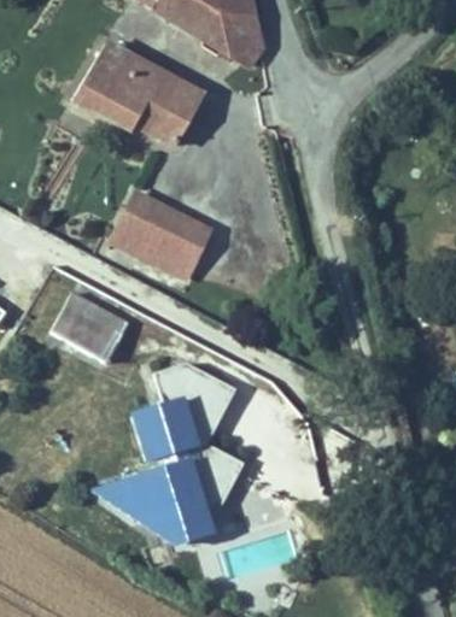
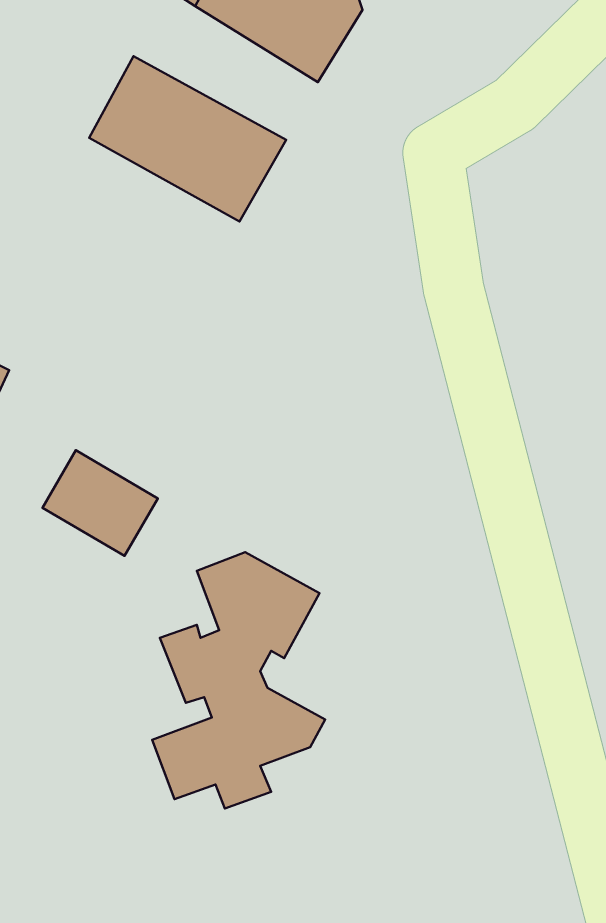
building: [229,8,269,69] -> none
building: [112,192,207,280] -> none

